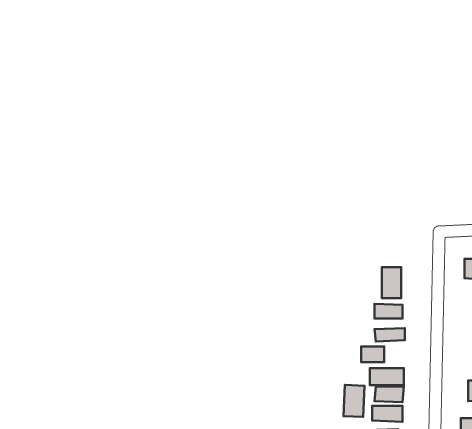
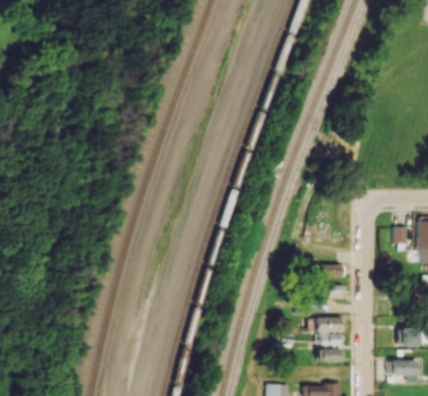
building: [382,267,401,298] -> none
building: [344,385,364,417] -> none

